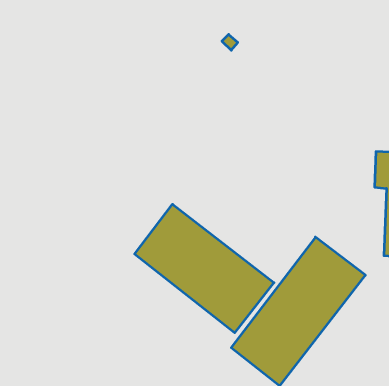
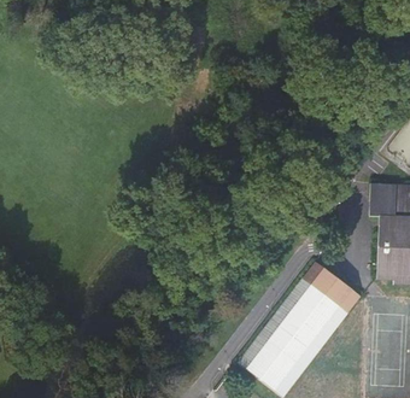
building: [135,204,274,333] -> none

